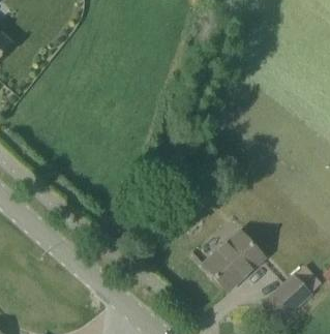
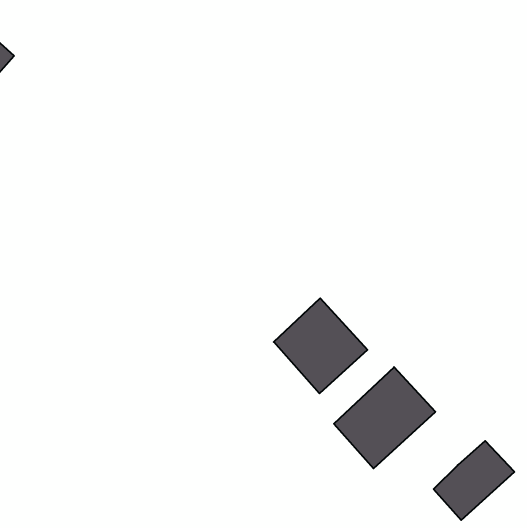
building: none -> [274,298,367,393]

